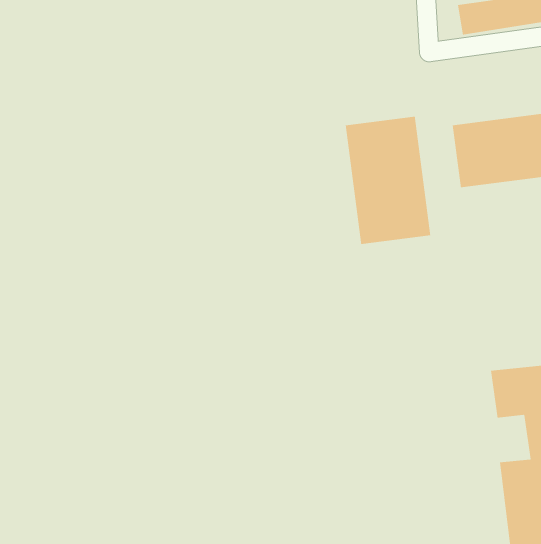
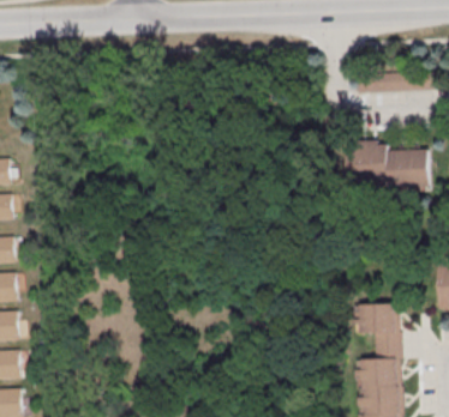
building: [345,116,431,245] -> none

